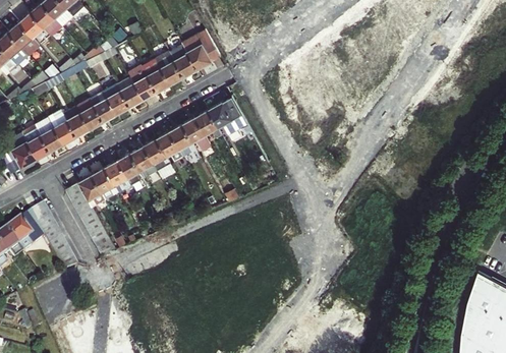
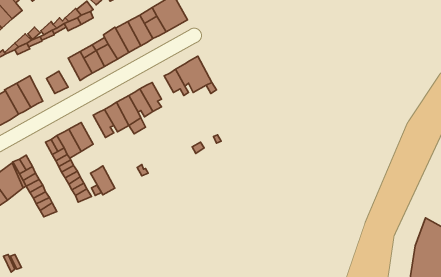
building: [76,98,103,129] -> none
building: [48,110,75,144] -> none
building: [181,117,211,152] -> none
building: [104,160,130,191] -> [91,166,115,195]

